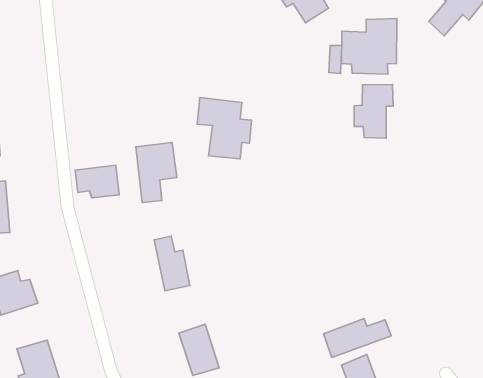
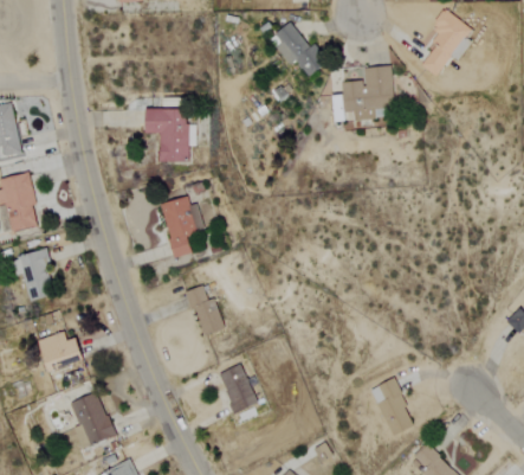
building: [354,85,393,138] -> none
building: [197,97,252,159] -> [145,108,195,161]
building: [75,165,119,198] -> none
building: [324,319,391,358] -> none

